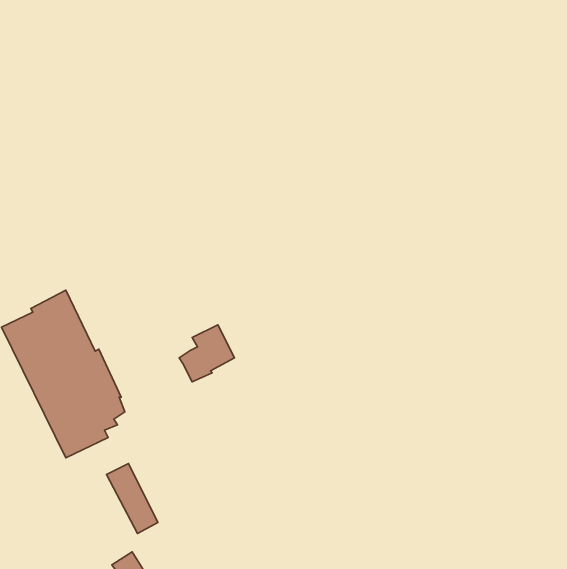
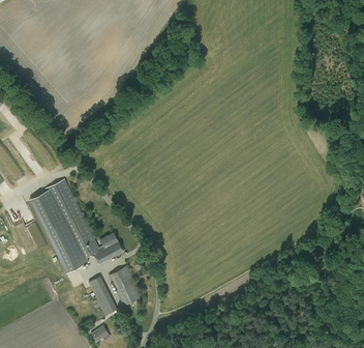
building: [179,325,234,382] -> [92,232,123,264]
building: none -> [109,266,143,306]

